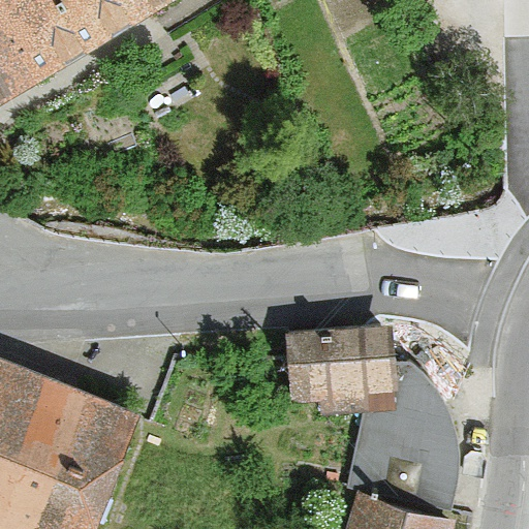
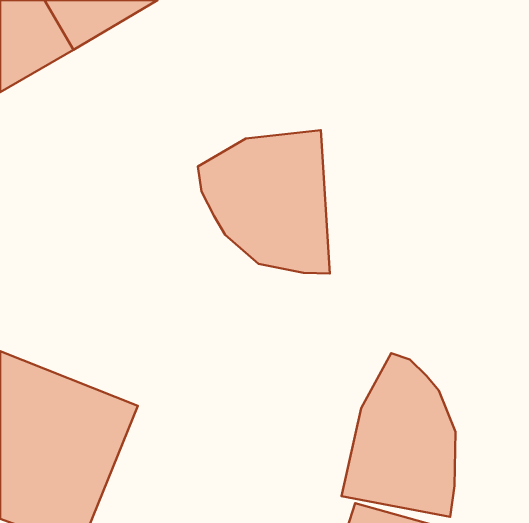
building: none -> [198,130,330,274]
building: [290,325,391,414] -> none

